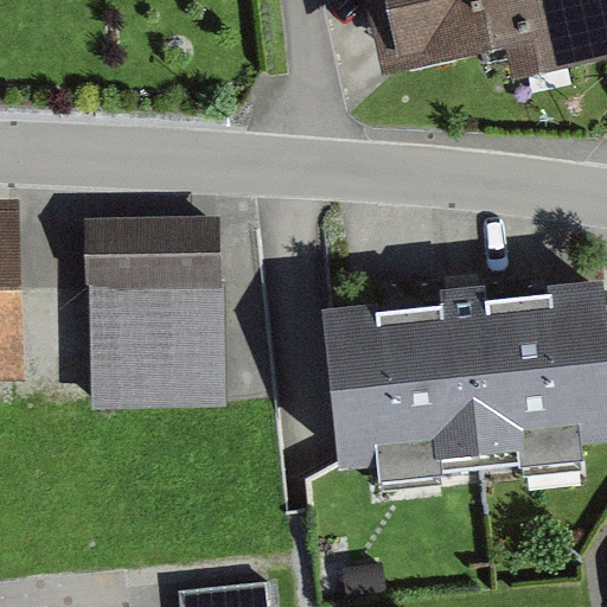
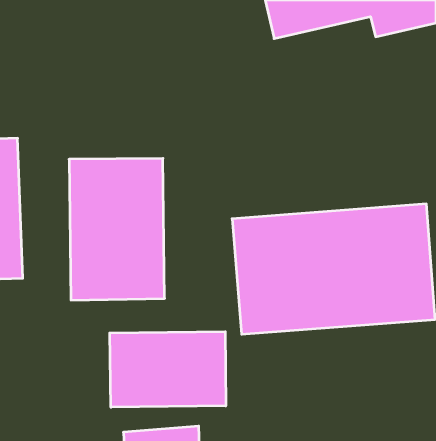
building: none -> [110,332,226,407]

